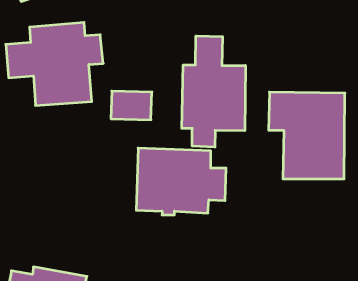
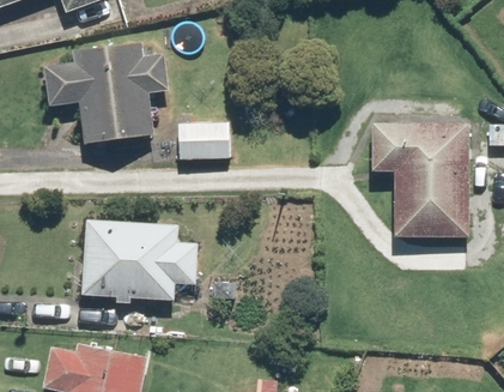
building: [182,36,245,147] -> none
building: [136,148,226,215] -> [84,218,196,302]

